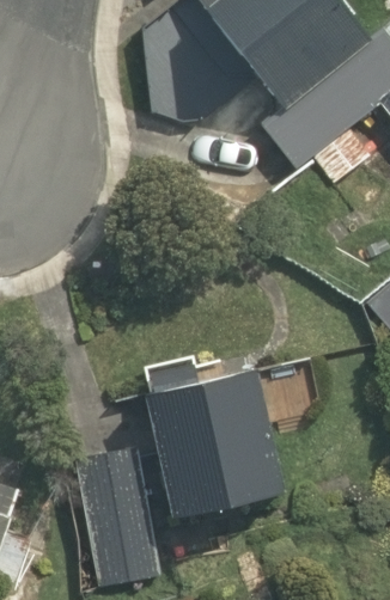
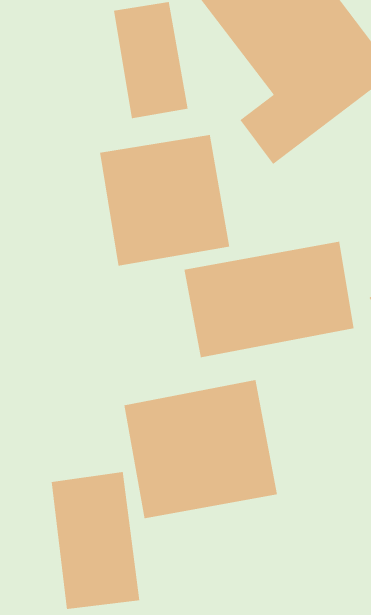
building: none -> [99,134,230,267]
building: none -> [184,241,354,358]

